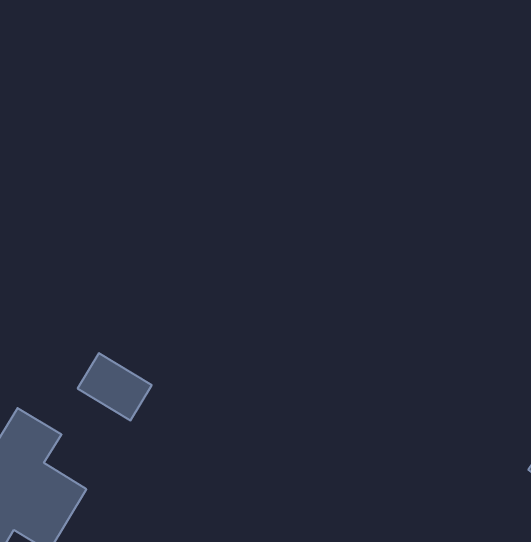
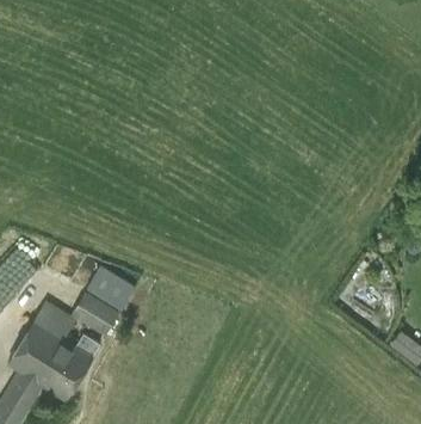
building: none -> [72,291,120,336]

